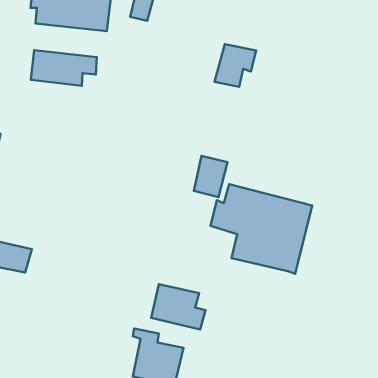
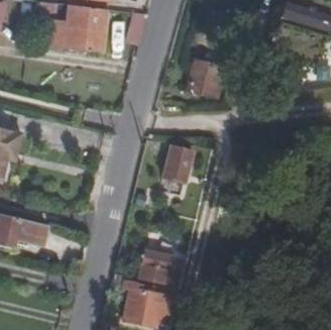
building: [31,50,97,86] -> none
building: [211,184,312,274] -> none

